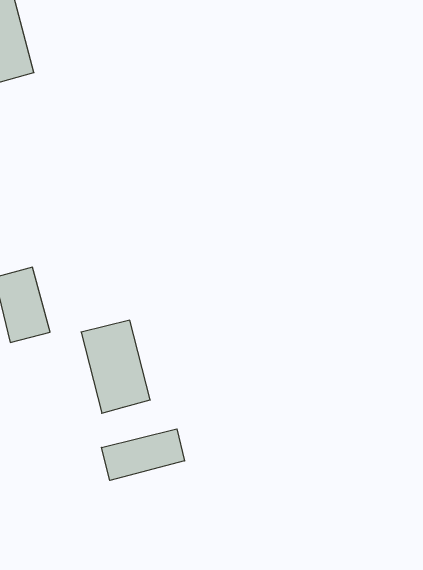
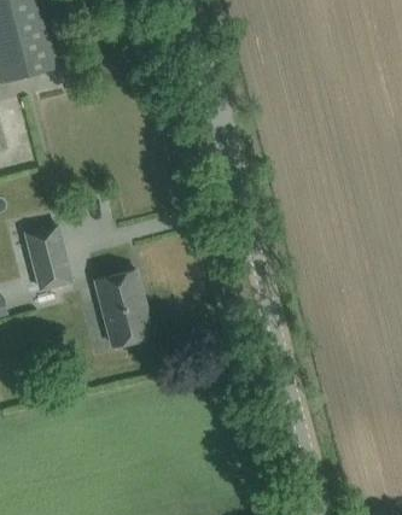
building: [101,429,185,480] -> none

